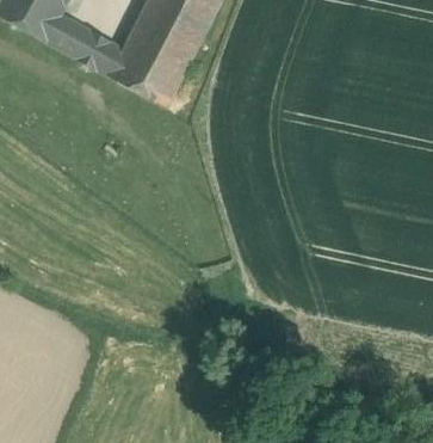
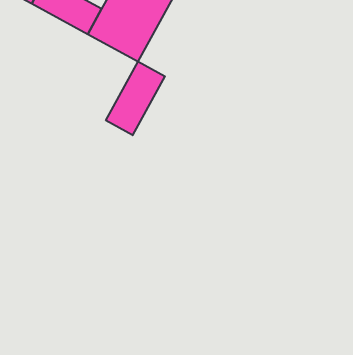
building: none -> [106,61,165,135]

